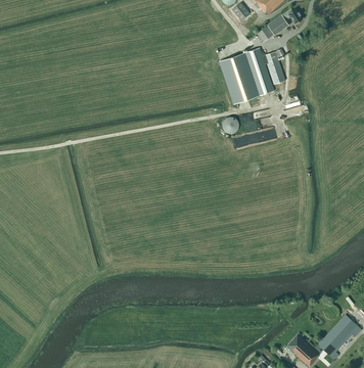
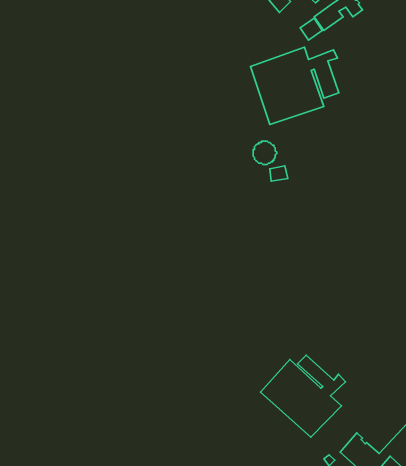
building: none -> [261,355,345,437]

